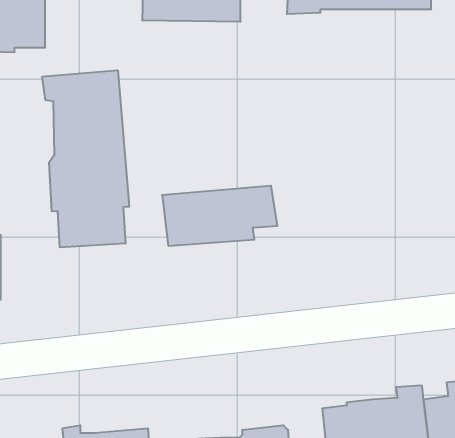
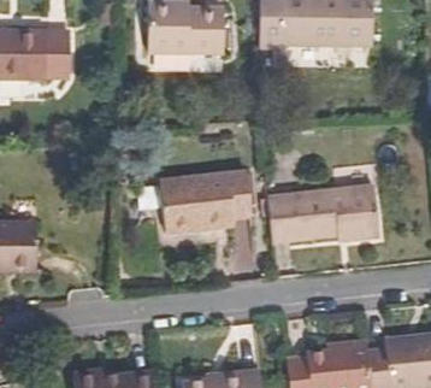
building: [42,70,129,247] -> none
building: none -> [267,187,378,241]

